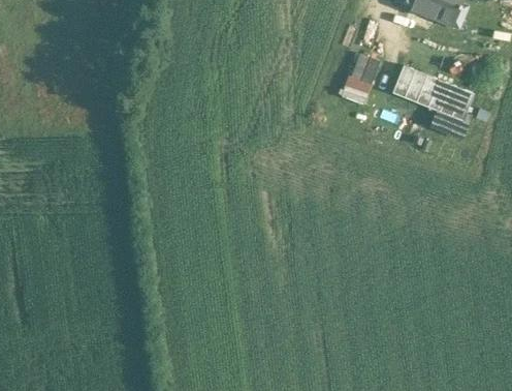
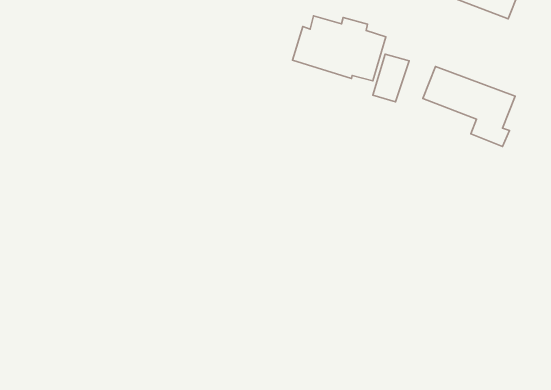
building: none -> [293,16,386,81]

